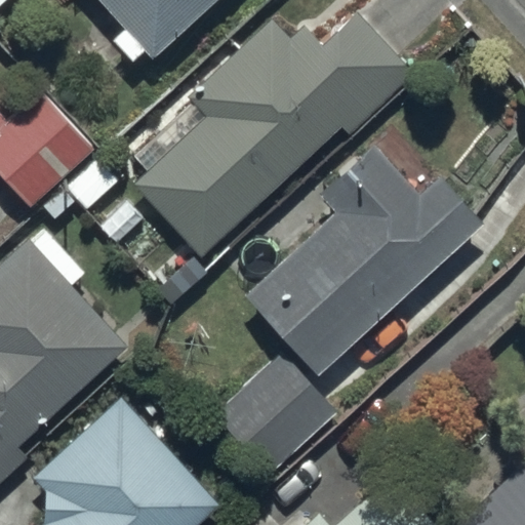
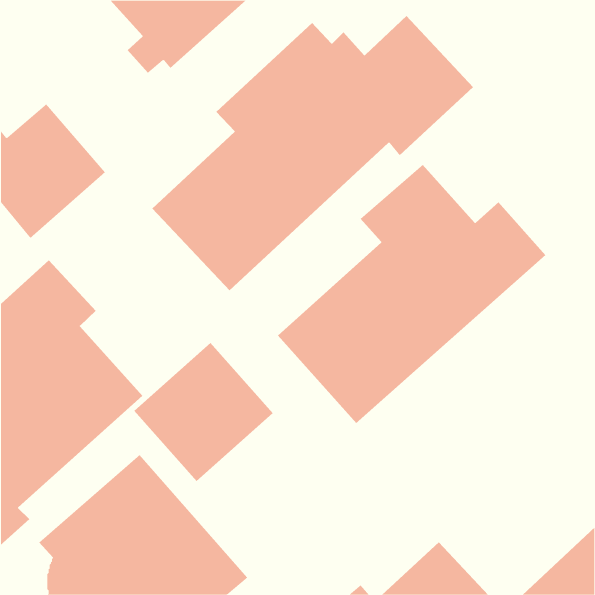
building: [212,353,335,476] -> [134,342,273,482]

